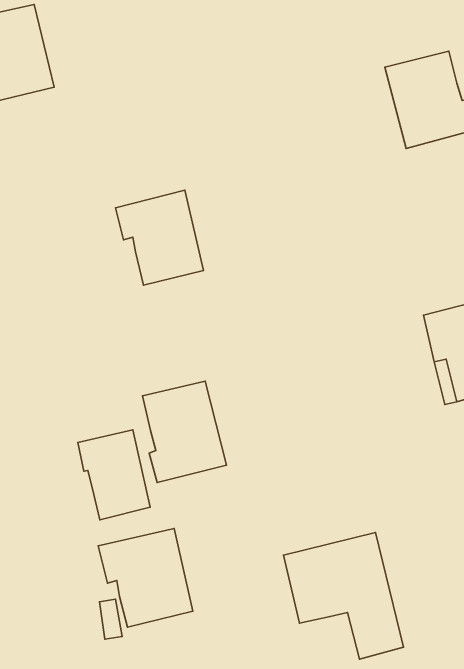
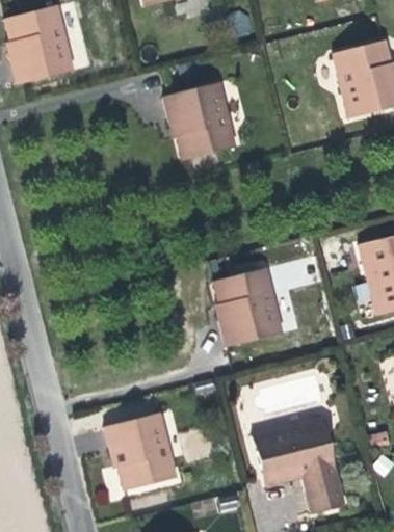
building: [115,190,203,285] -> [166,84,235,158]
building: [142,381,227,482] -> [217,267,283,346]
building: [78,430,150,520] -> none

